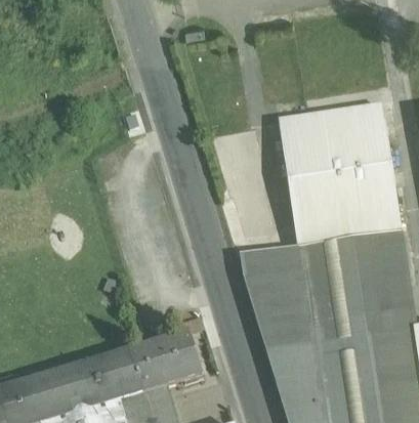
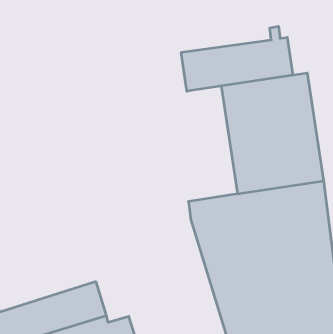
building: none -> [181,26,293,91]
building: [131,332,203,398] -> none

